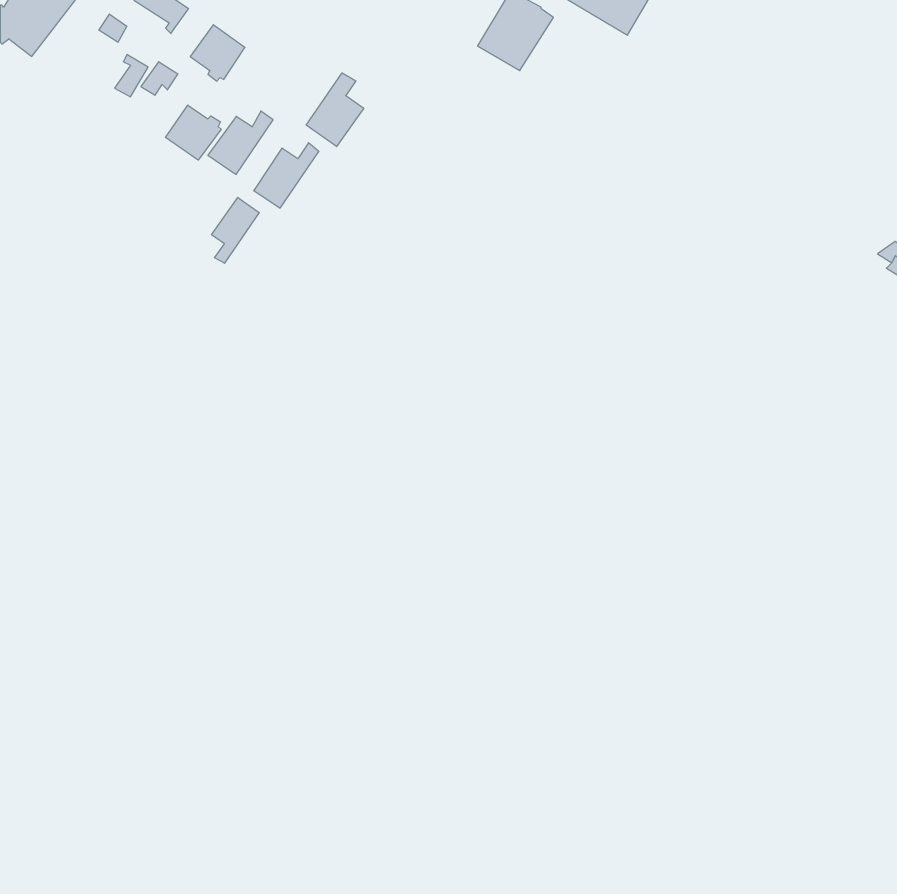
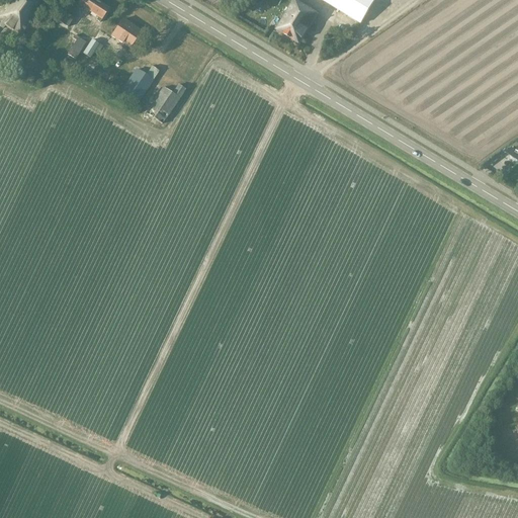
building: [306,73,364,147] -> none
building: [166,105,221,160] -> none
building: [212,197,259,263] -> none

